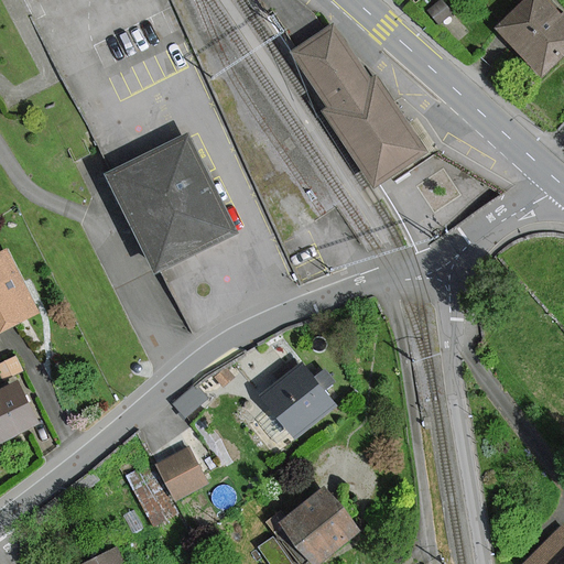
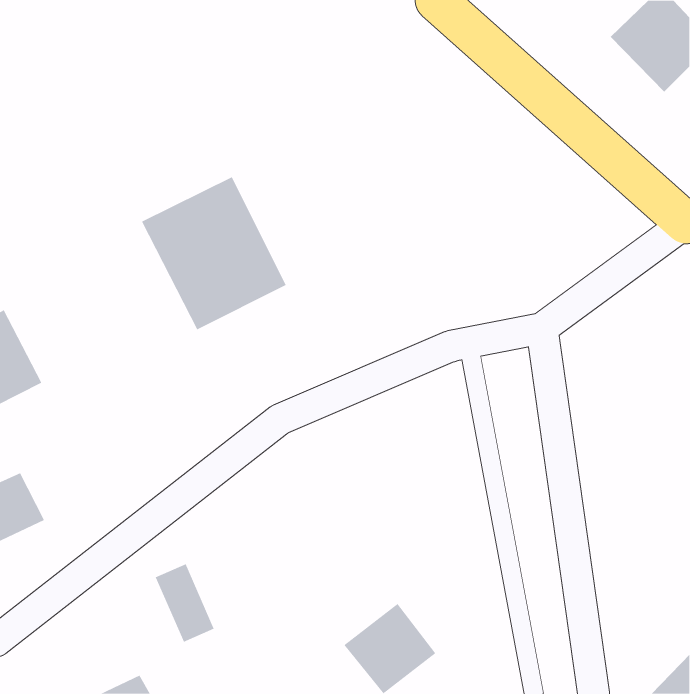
building: [292,25,417,181] -> none
building: [260,367,329,436] -> none
building: [158,449,203,497] -> none

